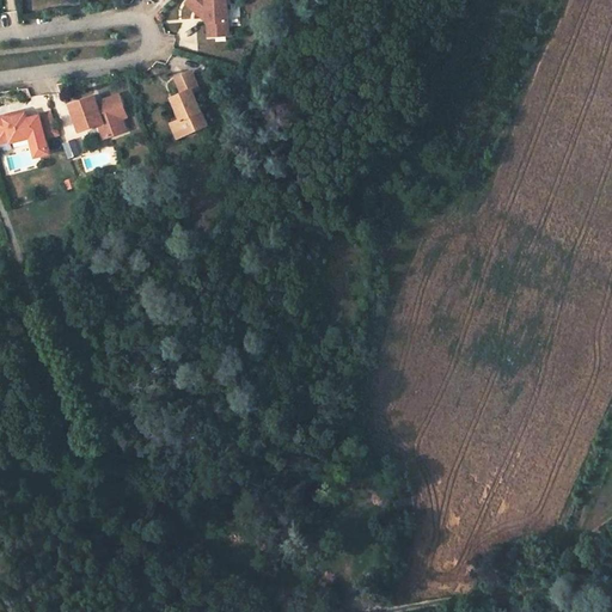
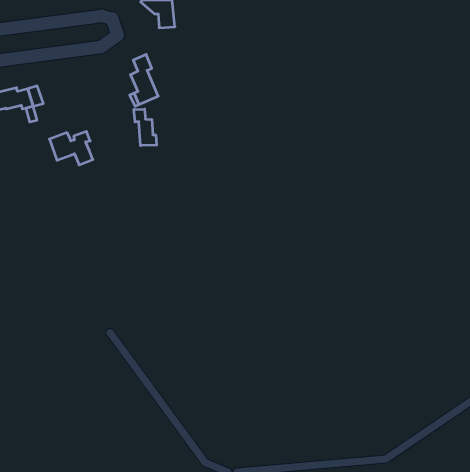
building: [68,93,124,136] -> [49,132,93,165]
building: none -> [134,109,157,146]

